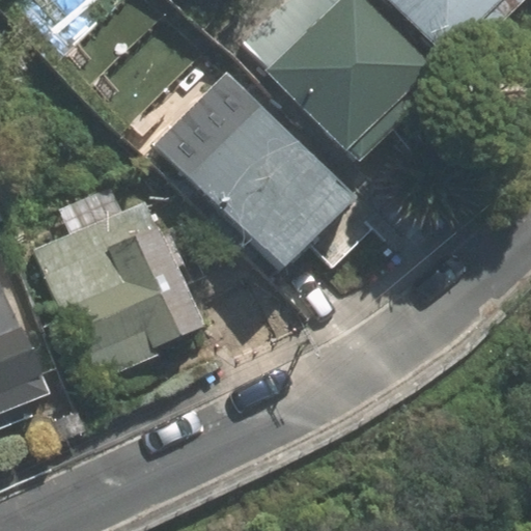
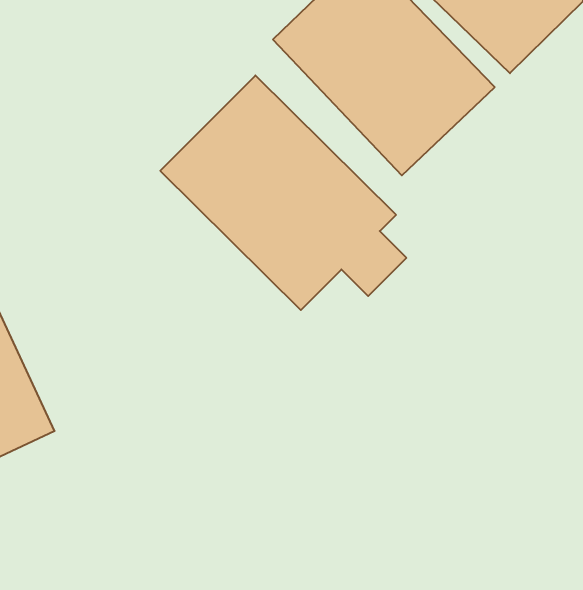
building: [24,189,206,382] -> none

